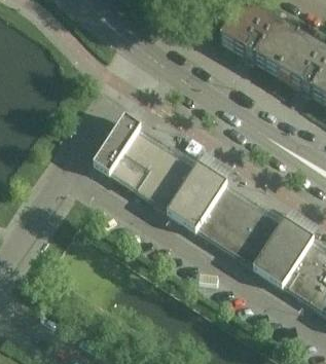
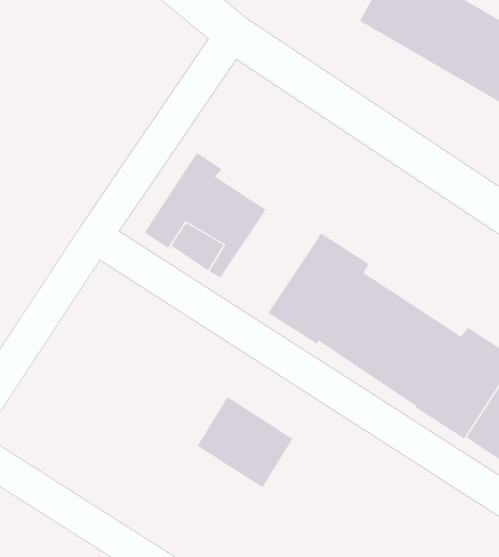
building: [139,148,194,207] -> none
building: none -> [197,396,293,488]

